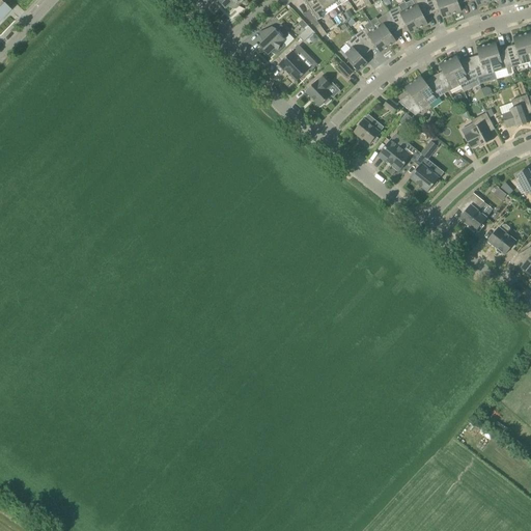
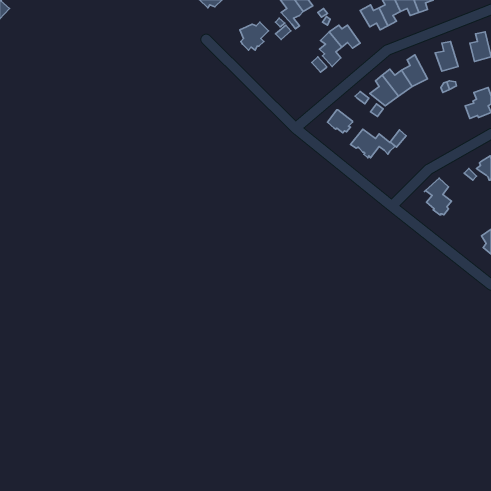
building: [374,11,398,47] -> none
building: [485,41,511,72] -> none
building: [278,50,316,81] -> none
building: [447,55,476,85] -> none
building: [305,76,331,106] -> none
building: [464,112,493,148] -> none
building: [410,163,439,191] -> none
building: [487,224,515,254] -> none

